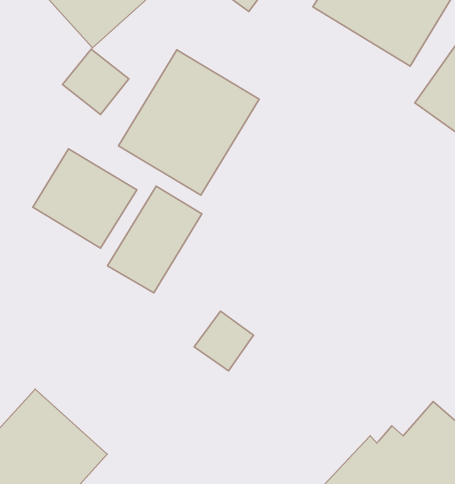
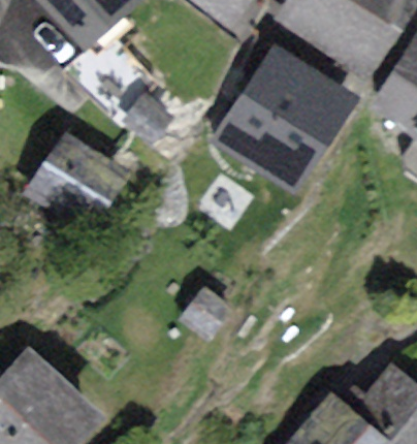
building: [118,50,259,195] -> [224,49,351,180]
building: [107,186,202,293] -> none

